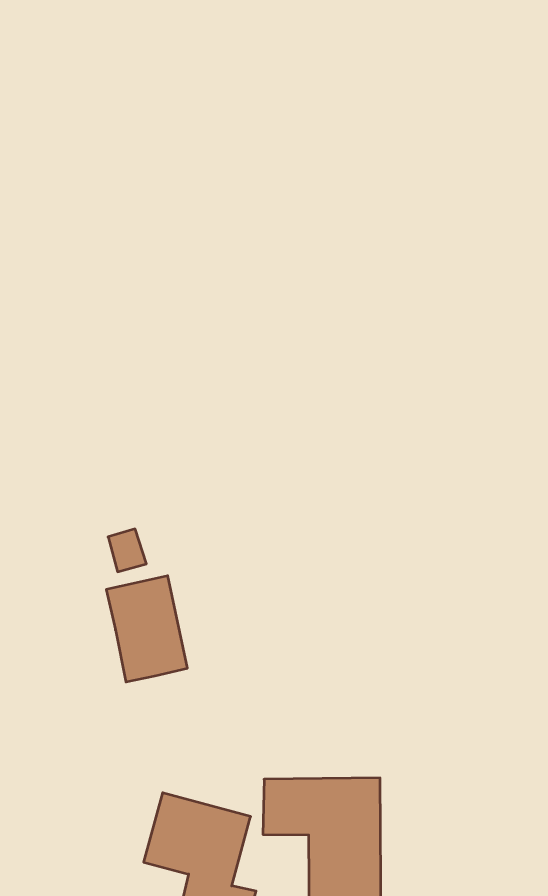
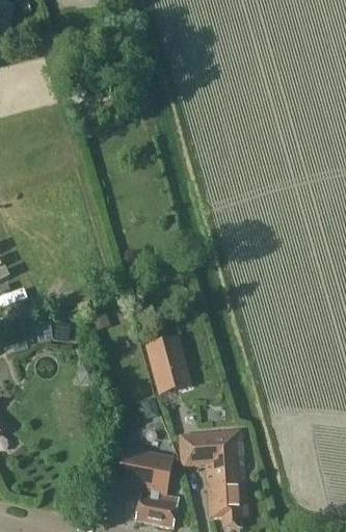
building: [106,576,187,682] -> [144,335,191,394]

